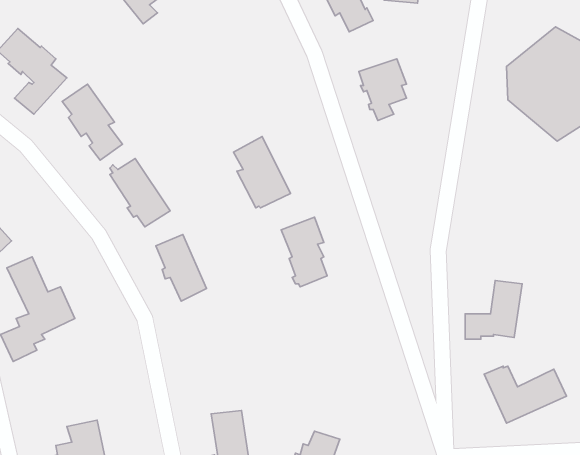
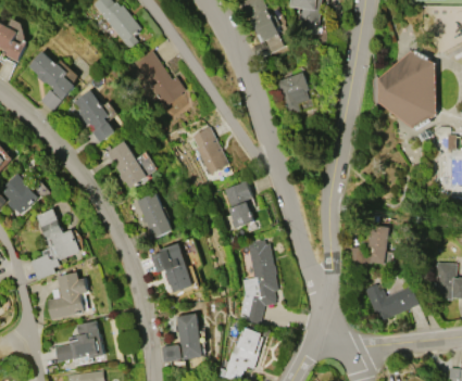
building: none -> [135,51,188,107]
building: none -> [236,238,279,325]
building: none -> [152,243,195,292]
building: none -> [48,272,90,319]

